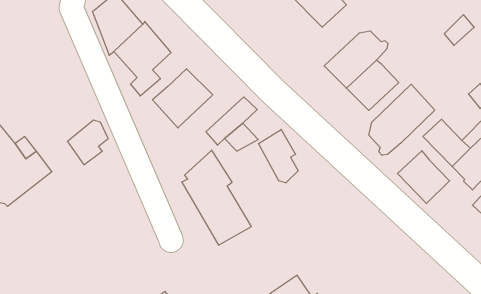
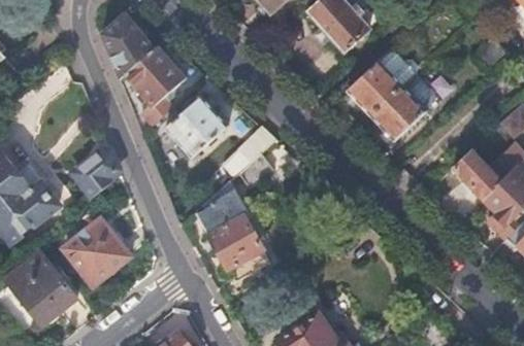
building: [369,84,435,155] -> none
building: [259,129,298,183] -> none
building: [397,151,450,204] -> none
building: none -> [63,219,129,285]
building: none -> [6,252,76,325]

